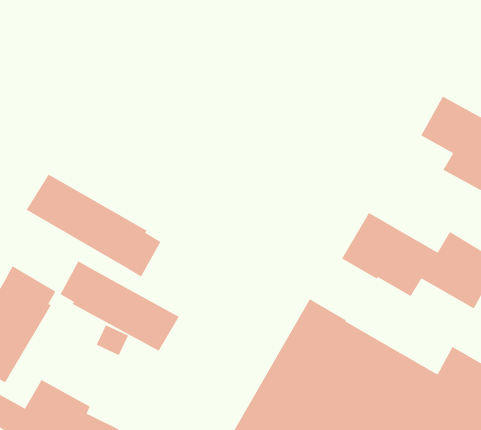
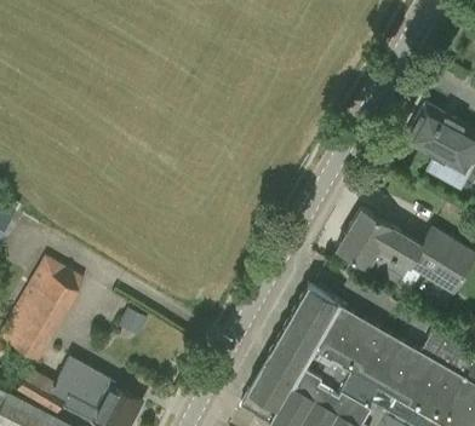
building: [26,174,161,277] -> none
building: [60,260,179,352] -> none

